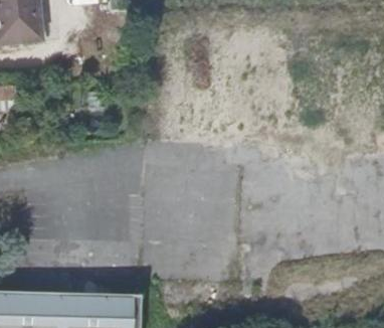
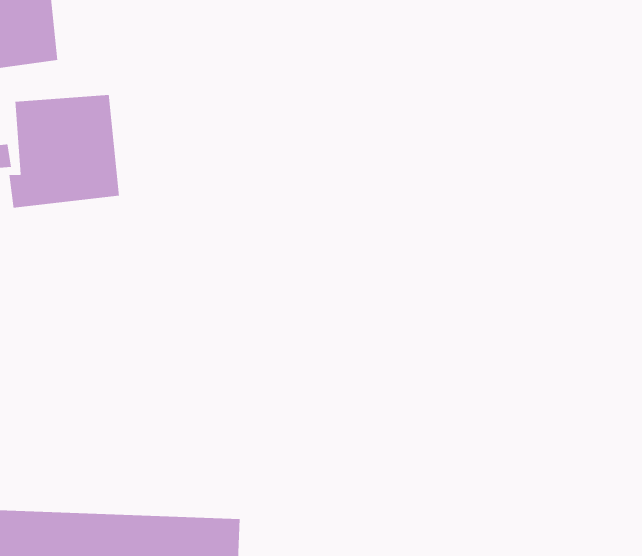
building: none -> [9,94,119,209]

